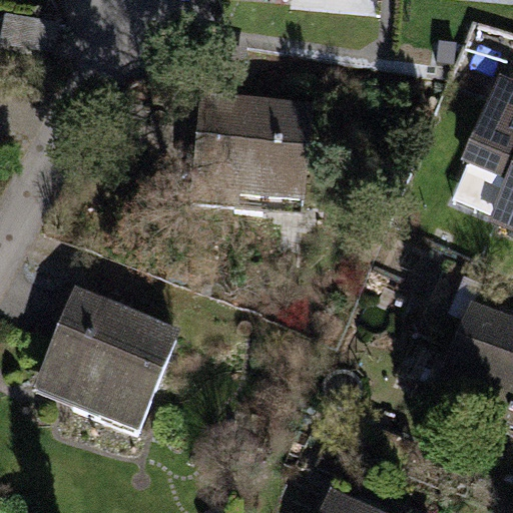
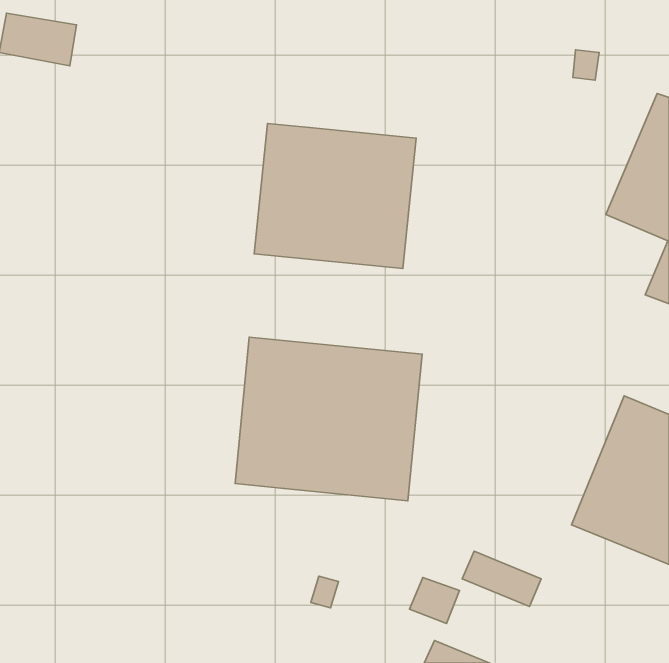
building: none -> [235,337,422,501]
building: [34,288,180,431] -> none

